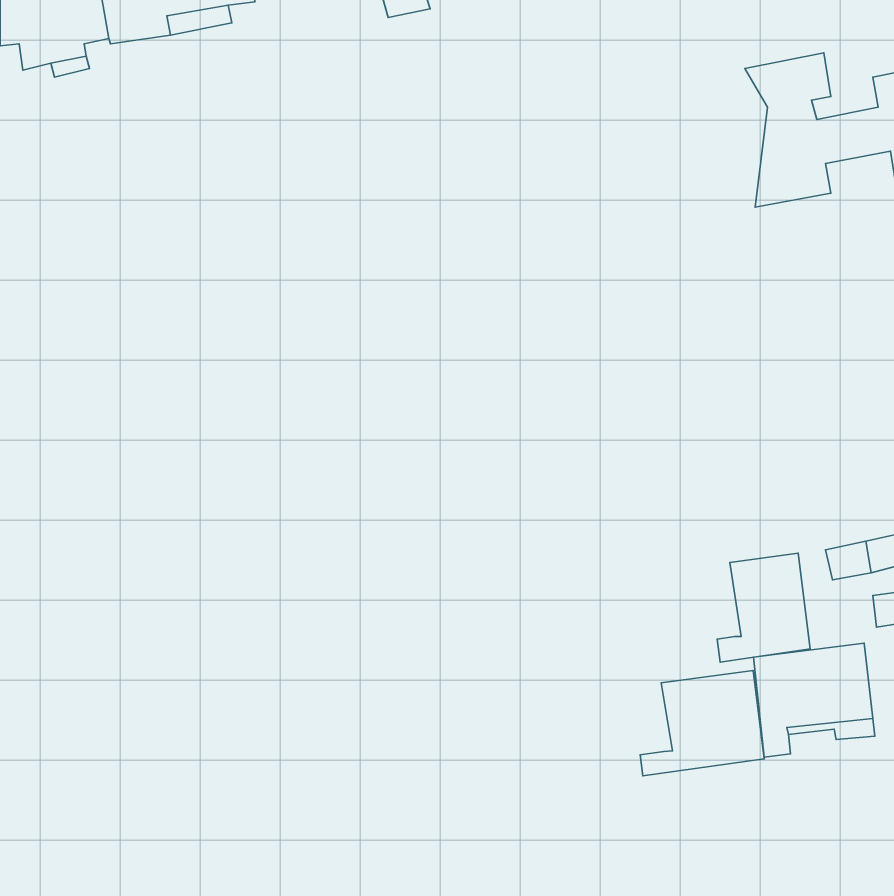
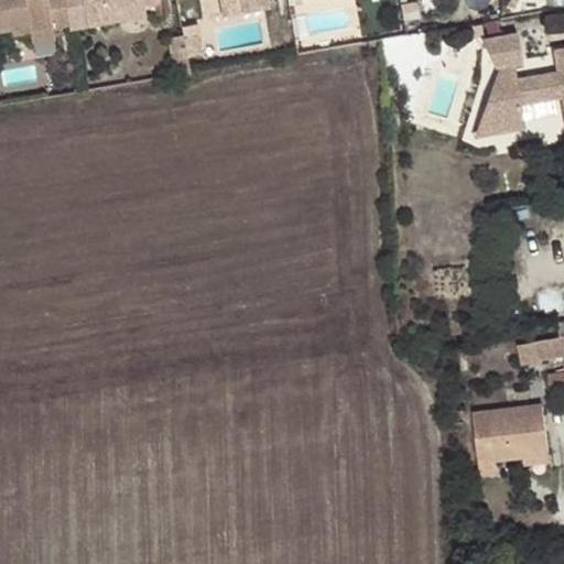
building: [717,553,810,662] -> none
building: [640,670,764,776] -> none

